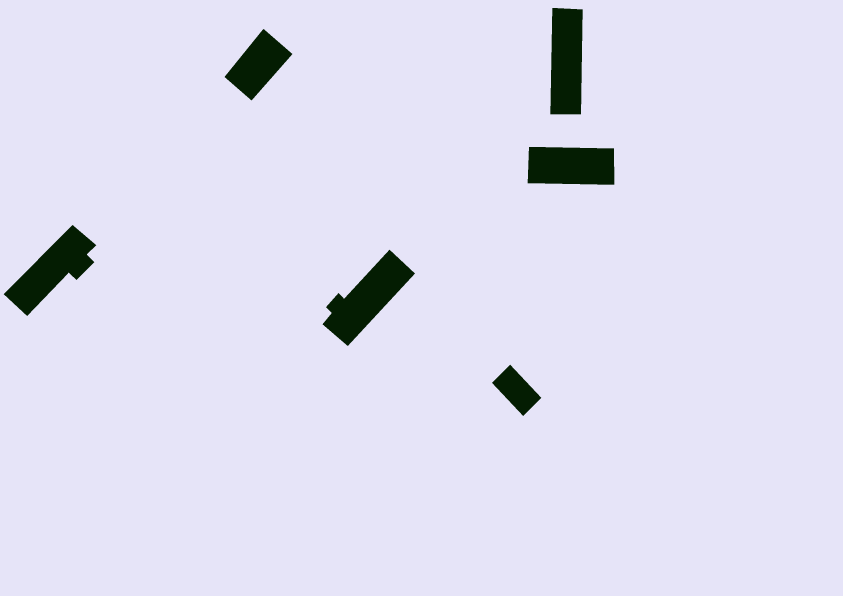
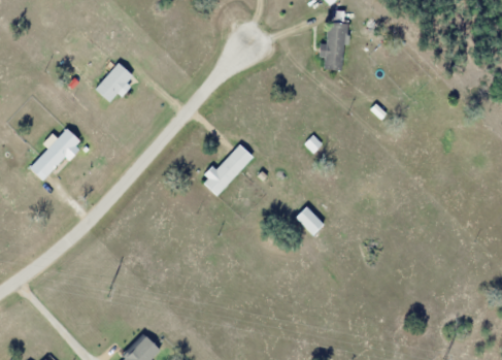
building: [224,28,293,101] -> [97,62,135,102]
building: [527,146,615,185] -> none

